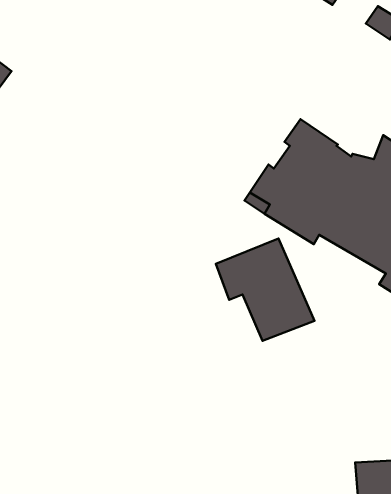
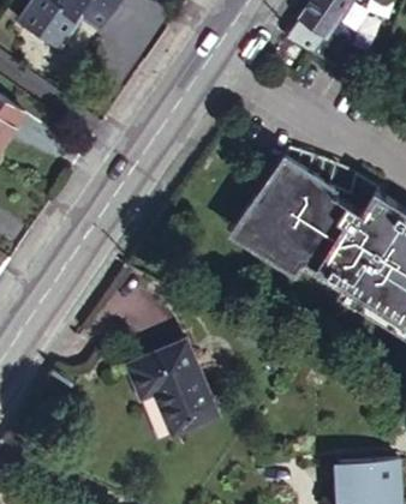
building: [216,238,315,341] -> [130,348,219,440]

